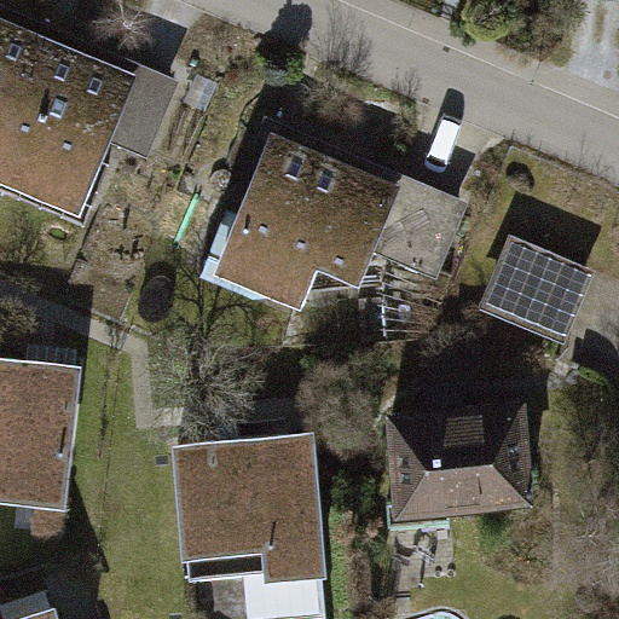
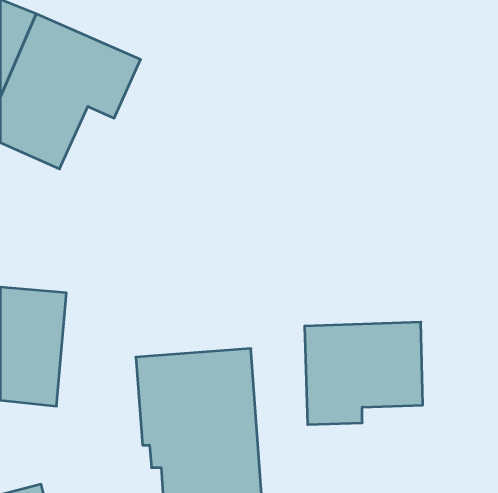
building: [216,127,461,299] -> none
building: [473,239,588,352] -> none

